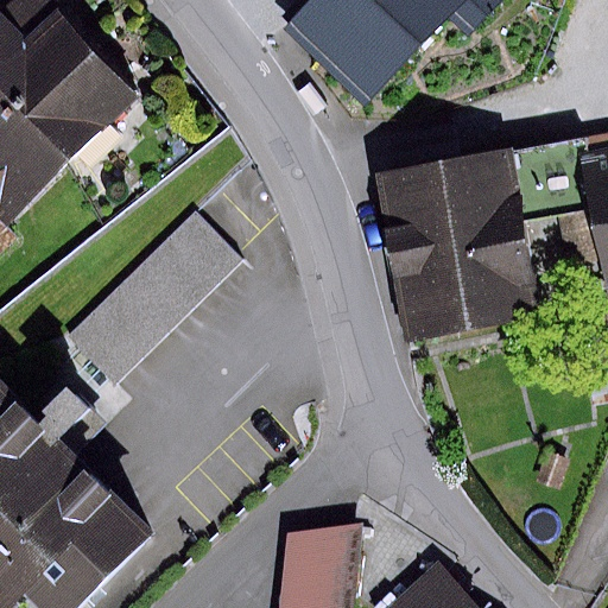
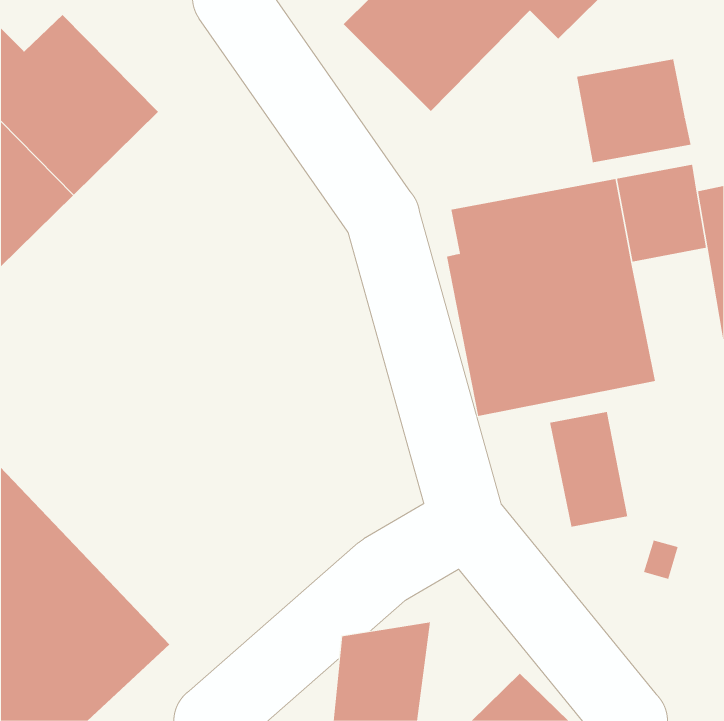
building: none -> [577,59,691,163]
building: [69,209,241,381] -> none
building: none -> [549,411,628,528]

